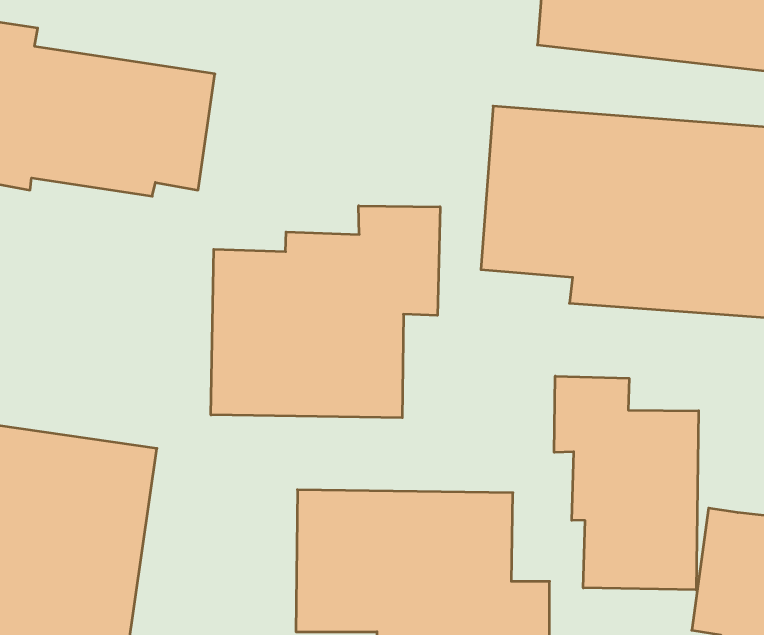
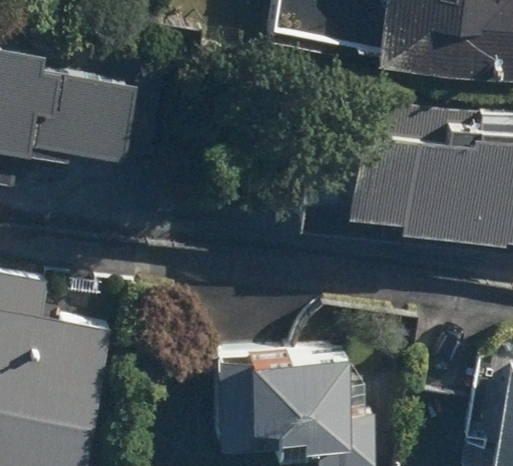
building: [211,206,440,418] -> none
building: [554,376,699,590] -> none

